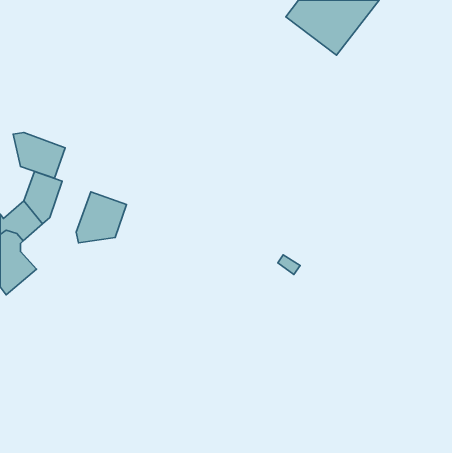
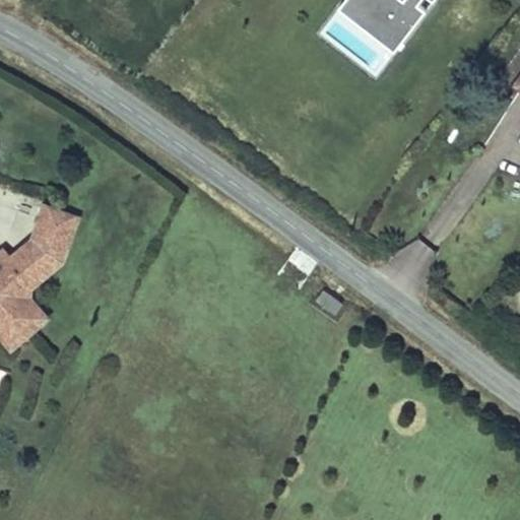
building: [13,133,65,178] -> none
building: [76,192,126,243] -> none

